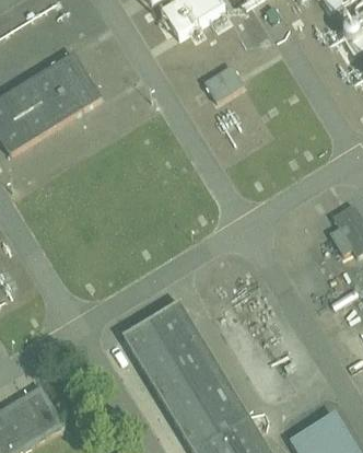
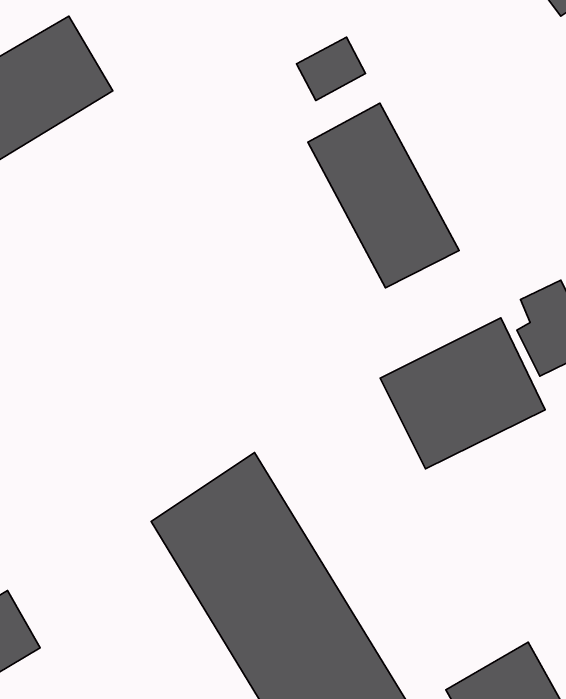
building: none -> [308,103,459,288]
building: none -> [380,318,545,469]

